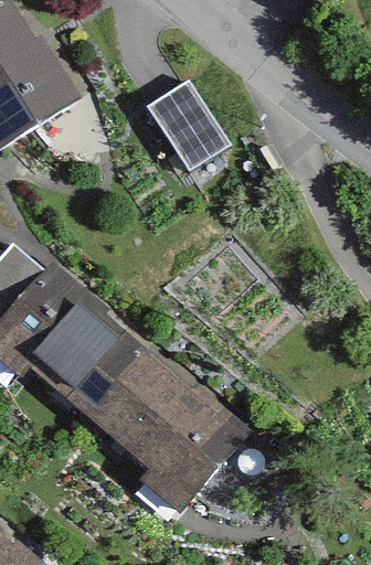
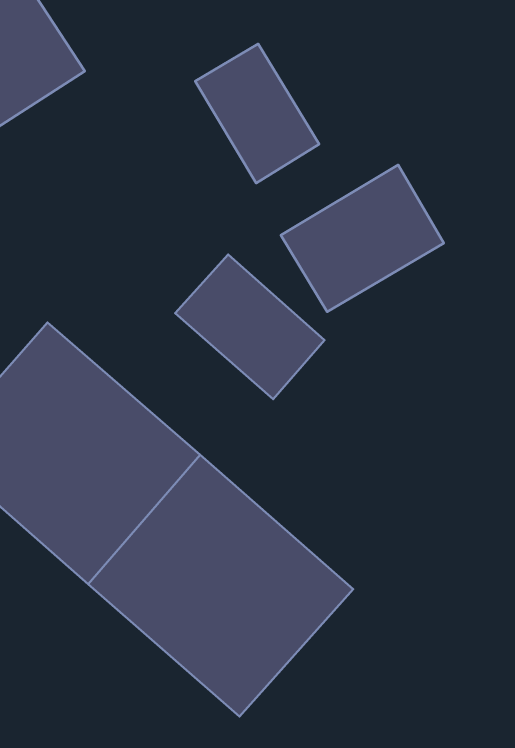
building: none -> [281,165,444,312]
building: none -> [175,255,324,399]

